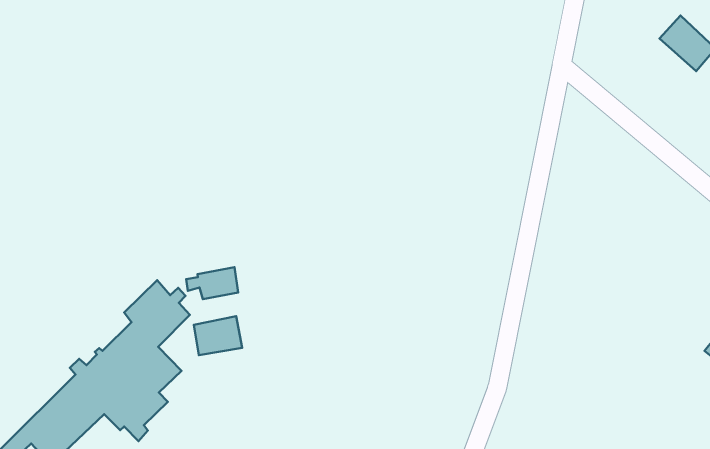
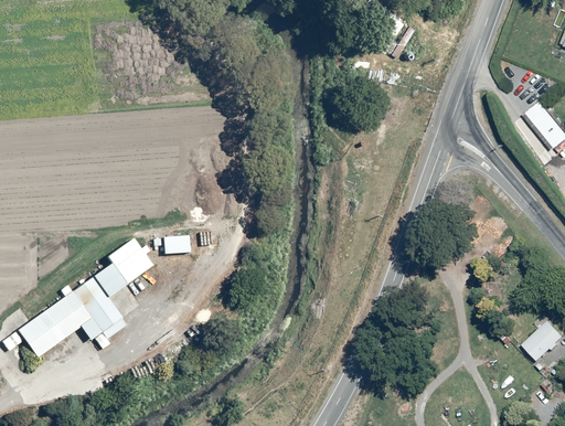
building: [194,316,242,355] -> none

